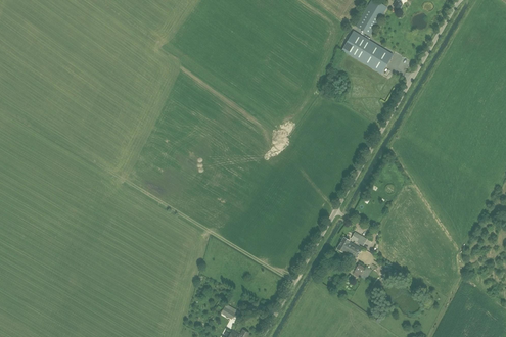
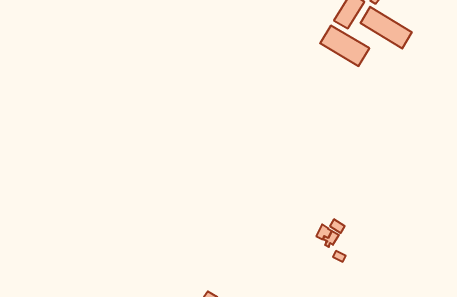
building: none -> [361,7,412,49]

